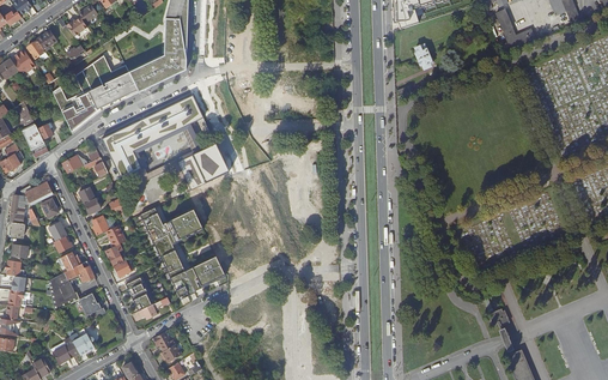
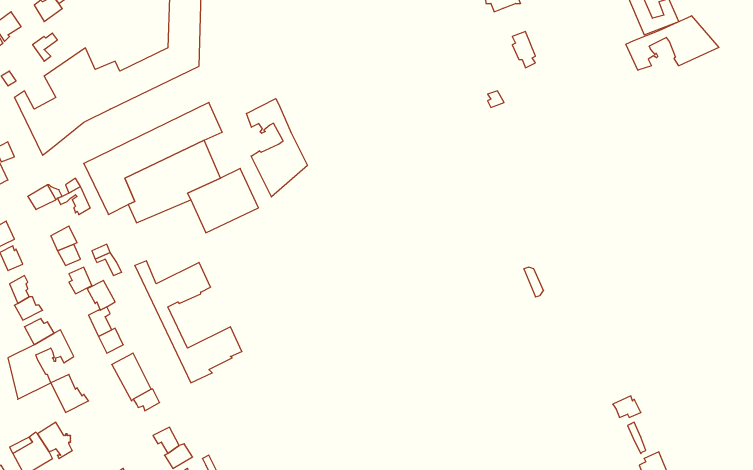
building: none -> [626,16,719,70]
building: none -> [246,99,307,197]

